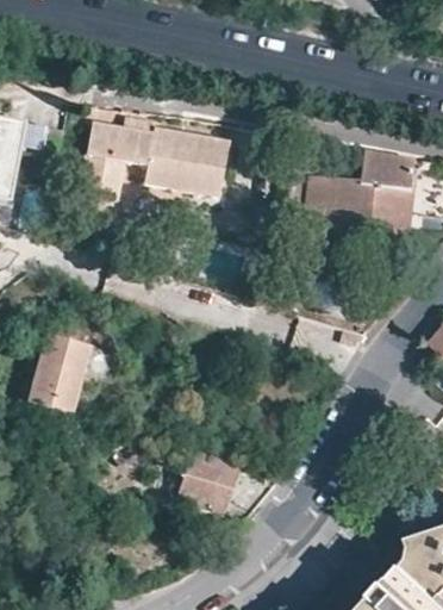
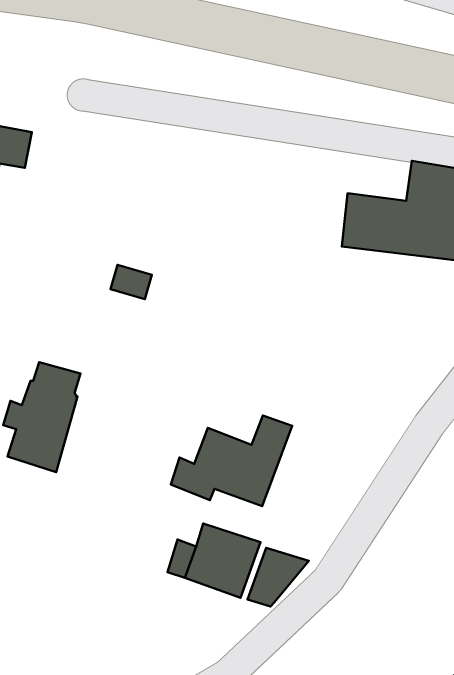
building: [76,120,229,214] -> none
building: none -> [171,415,292,506]

